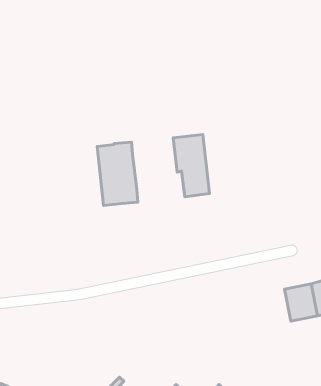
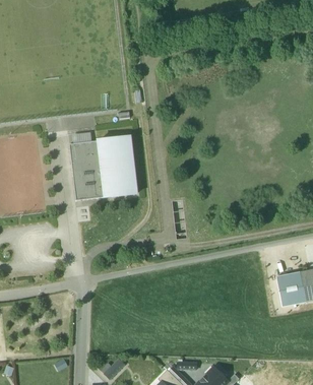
building: [173,135,209,197] -> [69,141,104,200]

